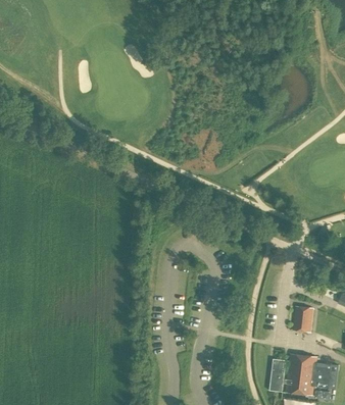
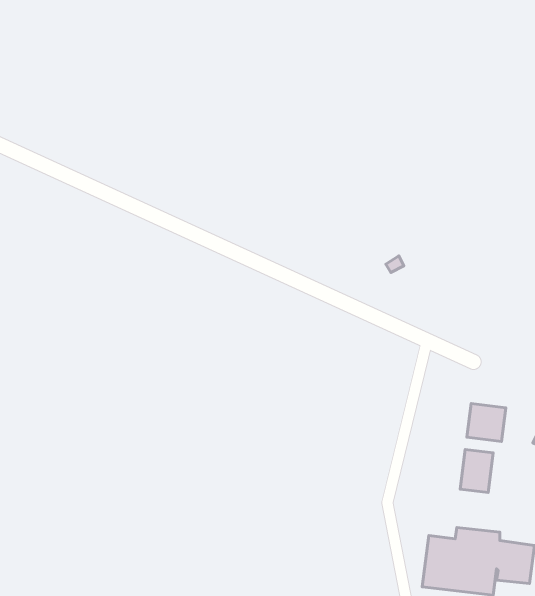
building: none -> [467,404,506,442]

